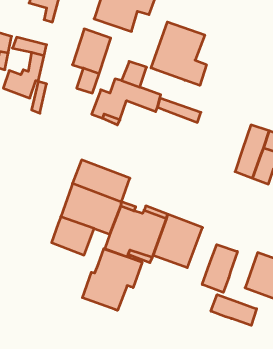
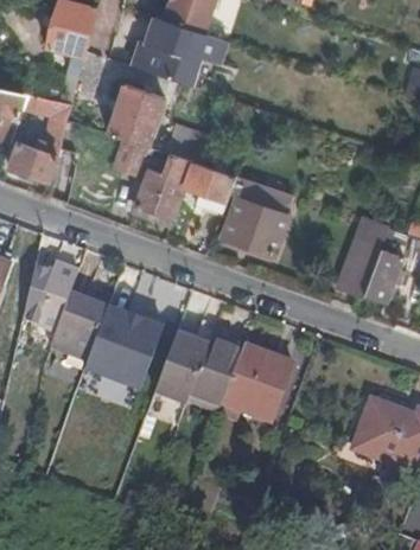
building: [151,22,206,85] -> none
building: none -> [224,197,285,252]
building: none -> [21,262,106,358]
building: [202,245,237,292] -> none
building: [82,249,142,310] -> none
building: [211,295,257,325] -> none

